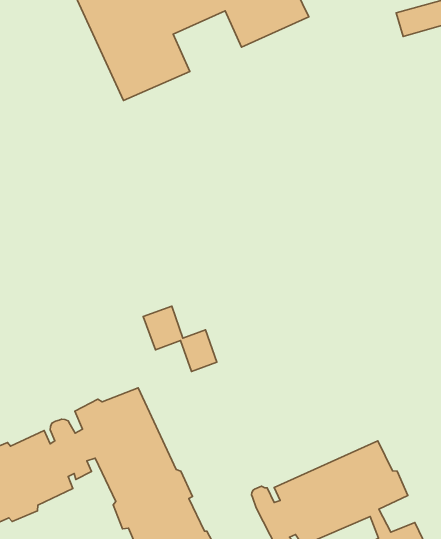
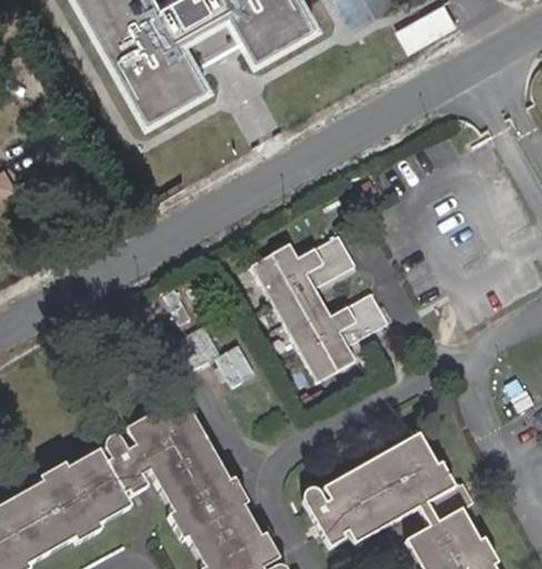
building: none -> [253,234,387,380]

